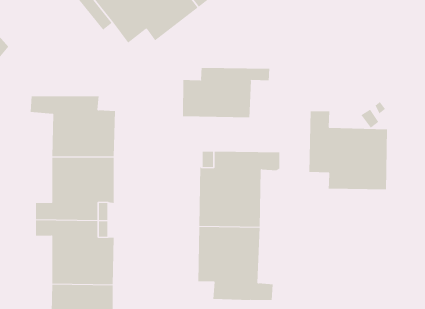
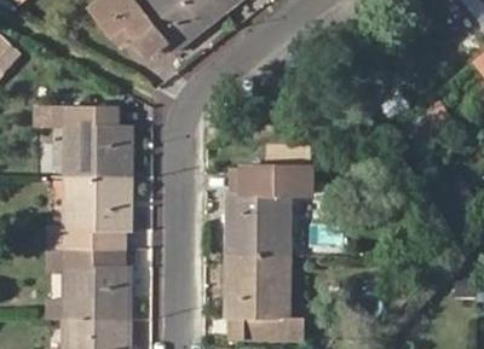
building: [182,67,270,118] -> none
building: [309,110,387,190] -> none

